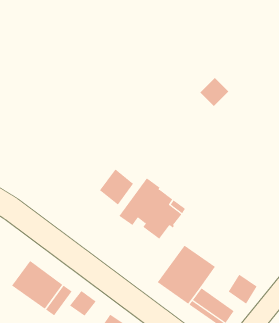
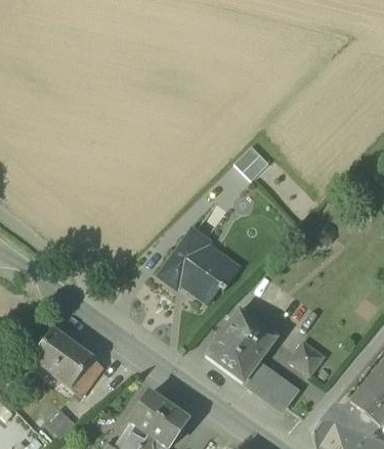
building: [199,77,229,107] -> [234,143,270,179]
building: [99,168,134,206] -> none
building: [69,290,96,317] -> none

